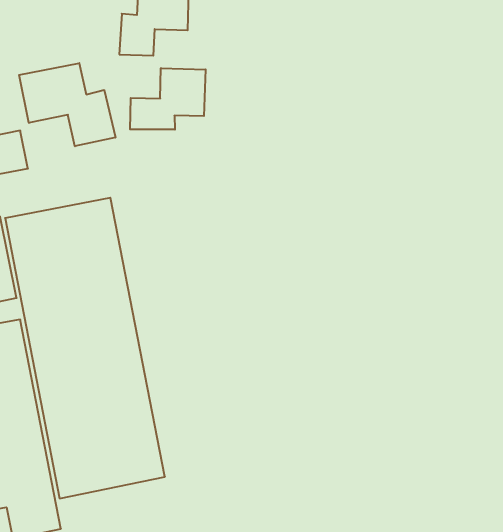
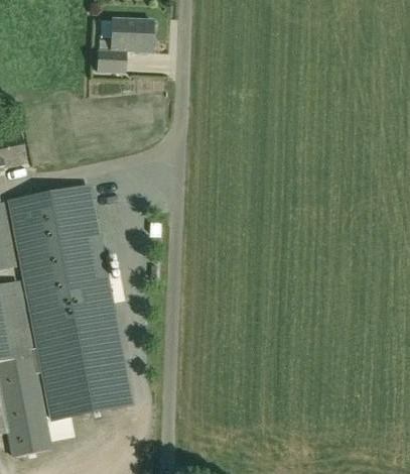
building: [19,63,115,146] -> none
building: [130,68,206,130] -> none

